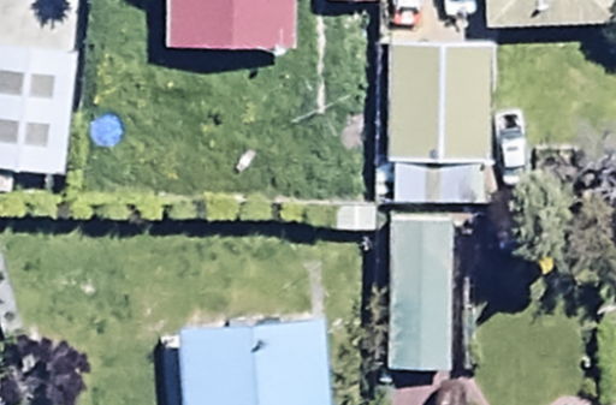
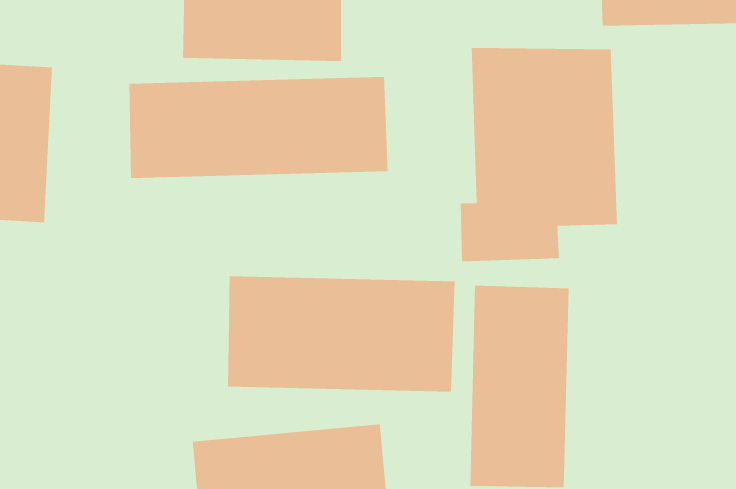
building: none -> [129,76,388,179]
building: none -> [227,276,455,392]

